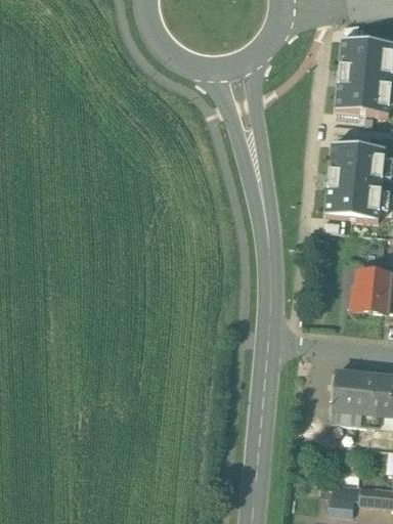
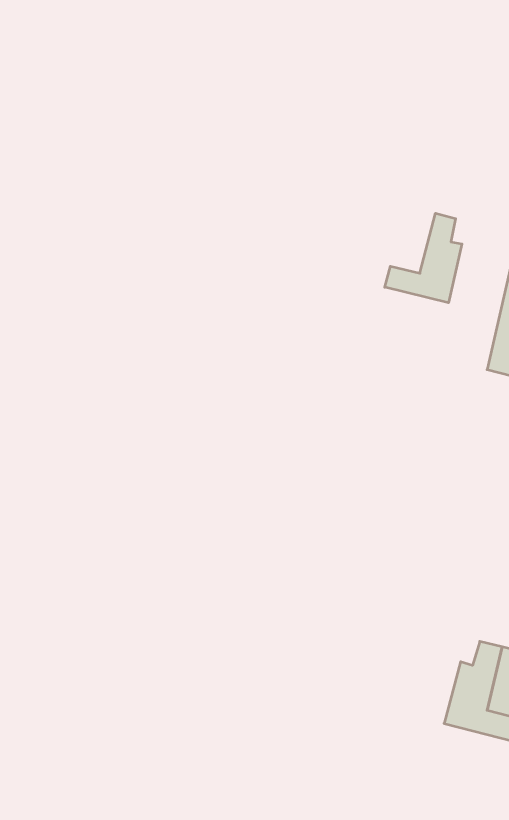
building: none -> [385,213,462,303]

